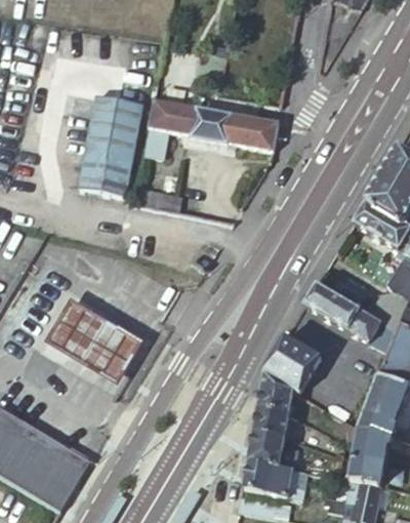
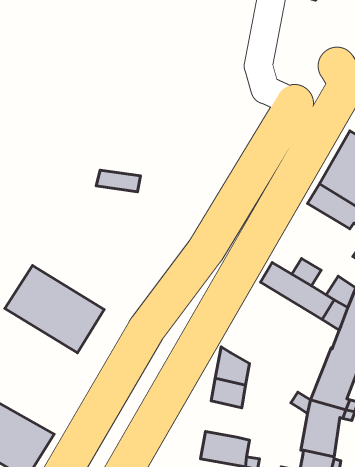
building: [79,93,142,198] -> none
building: [144,98,278,152] -> none
building: [263,335,320,392] -> none
building: [247,428,285,466] -> none

